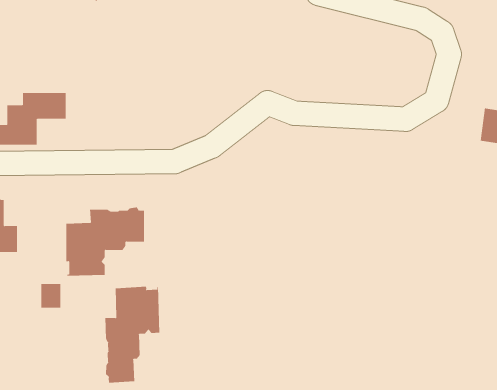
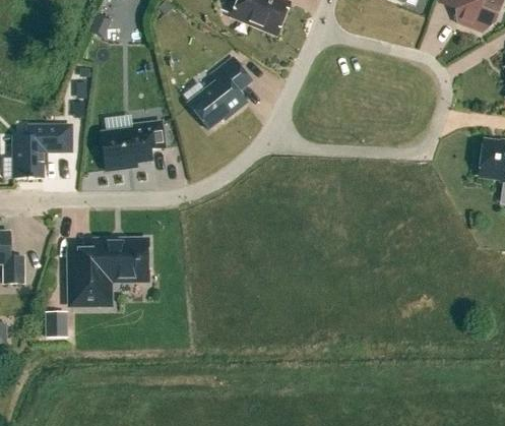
building: none -> [188,57,251,129]
building: none -> [101,121,164,170]
building: [105,286,160,383] -> none

